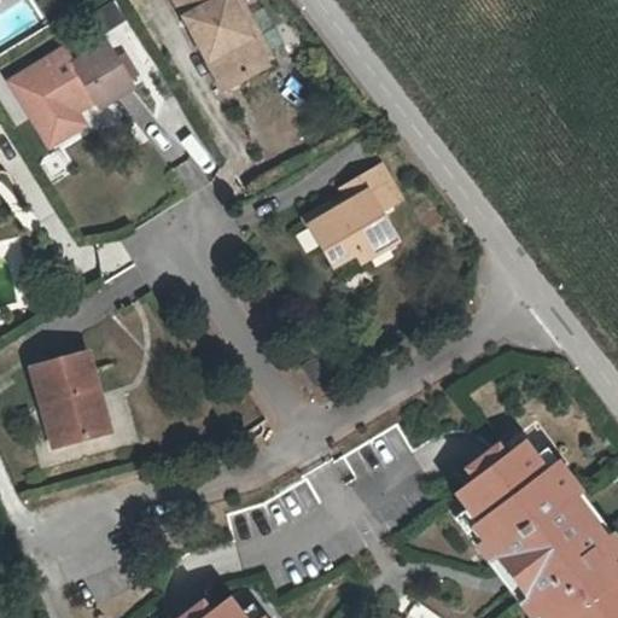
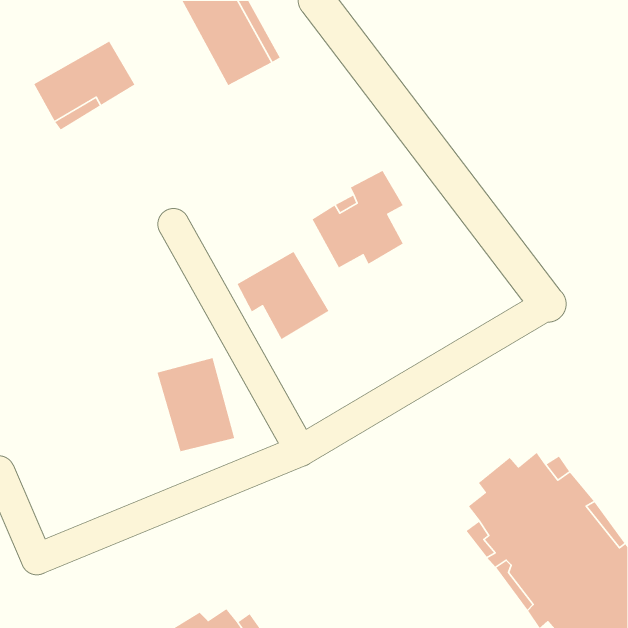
building: none -> [237,251,329,340]
building: [30,350,107,443] -> [156,357,235,452]

